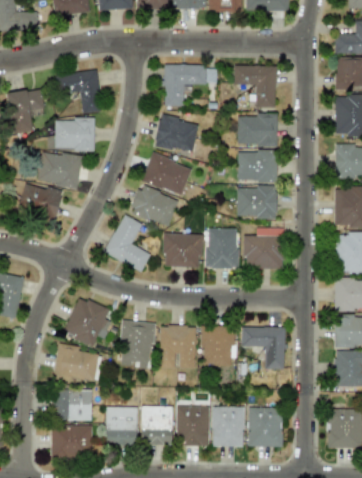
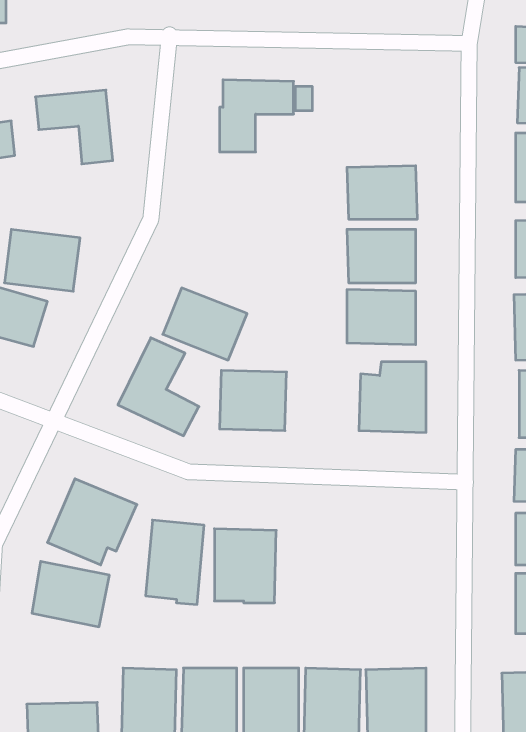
building: [234,66,276,108] -> none
building: [155,115,199,153] -> none
building: [55,119,95,150] -> none
building: [141,153,192,196] -> none
building: [206,228,238,268] -> none
building: [202,326,234,367] -> none
building: [242,327,285,369] -> none
building: [54,389,92,421] -> none

